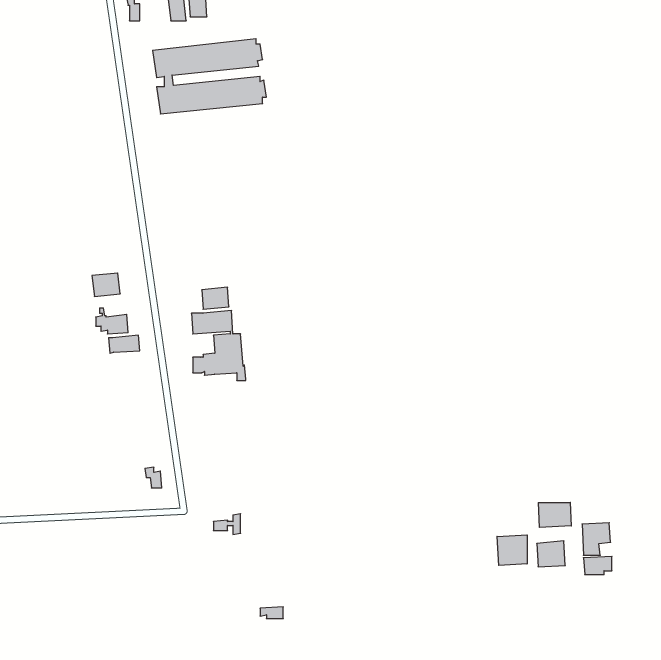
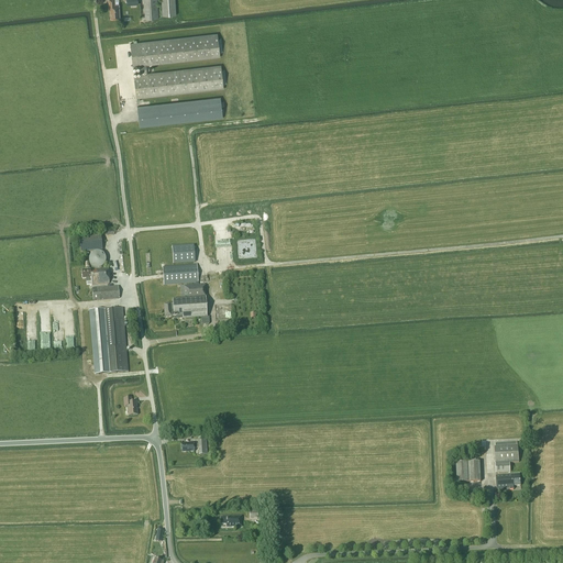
building: none -> [137,96,224,125]
building: none -> [89,307,128,374]
building: [538,502,571,527] -> none
building: [497,535,527,565] -> none

